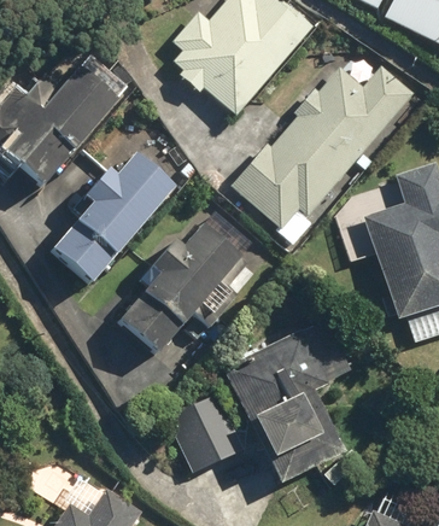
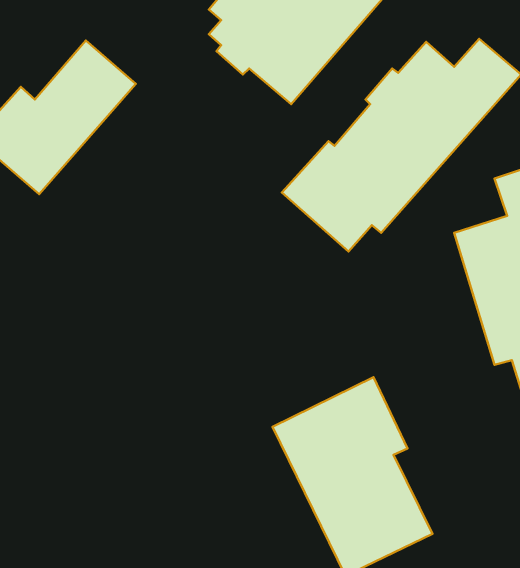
building: [51,152,172,282] -> none
building: [117,224,247,353] -> none
building: [170,391,246,471] -> none

